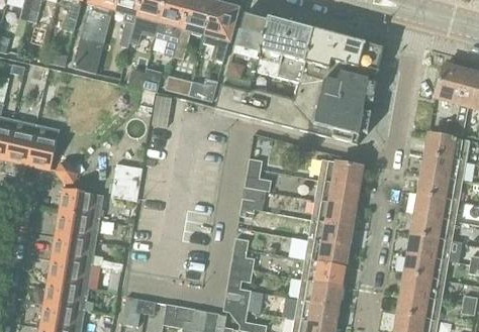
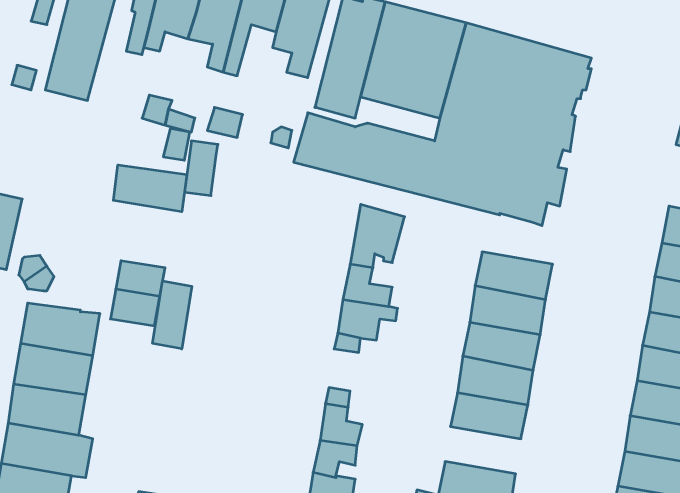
building: none -> [113,165,187,212]
building: none -> [153,281,192,349]
building: [302,259,346,287] -> none

